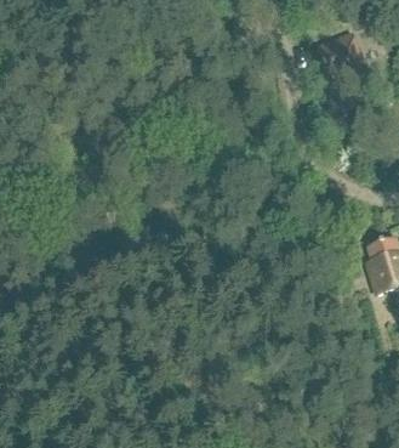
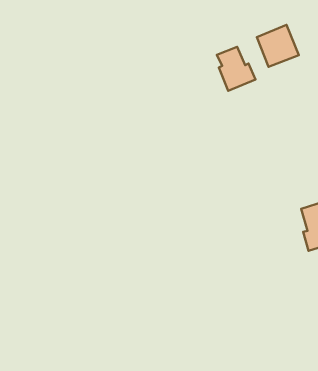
building: none -> [217,47,255,91]

